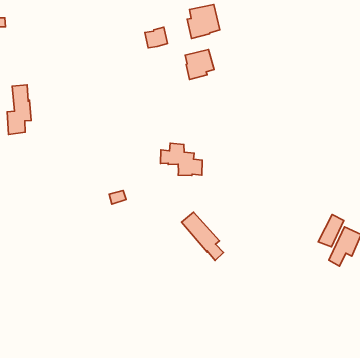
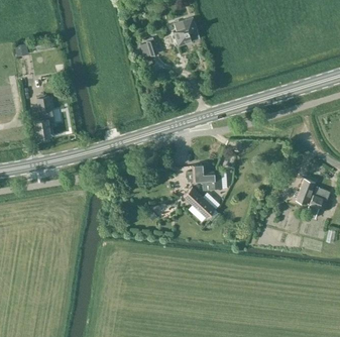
building: [185,49,214,79] -> none
building: [161,143,202,175] -> [186,164,221,190]

